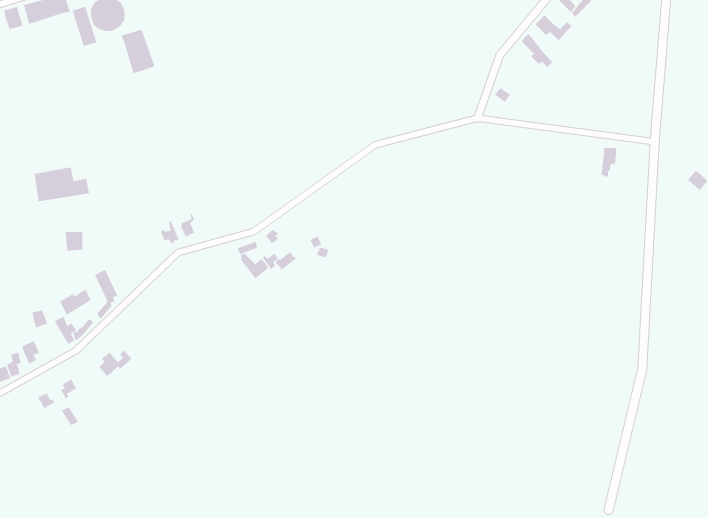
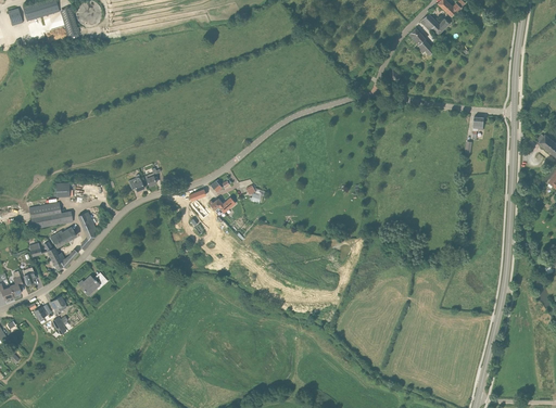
building: [121,29,155,74] -> none
building: [34,167,90,202] -> [29,201,73,228]

